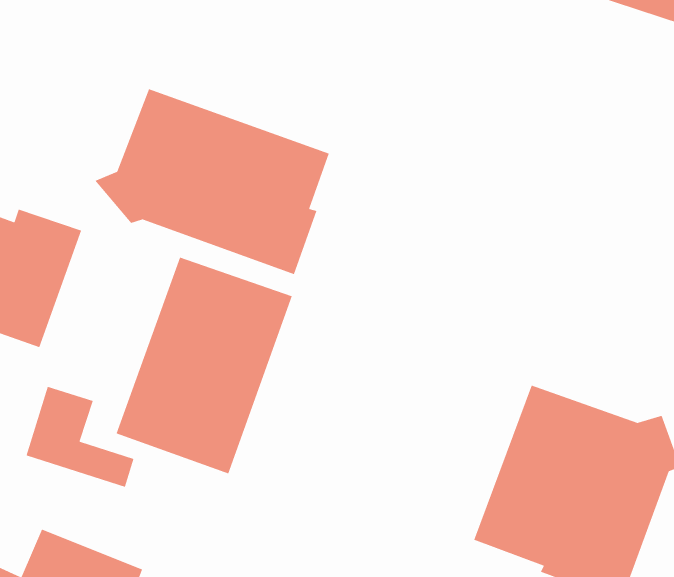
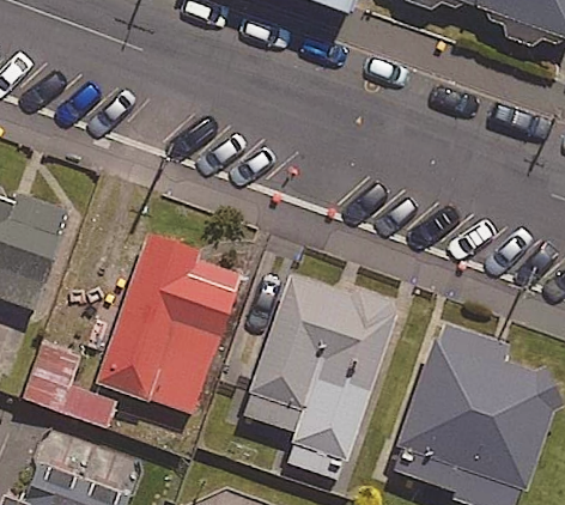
building: [94,88,330,275] -> none
building: none -> [229,273,397,489]

